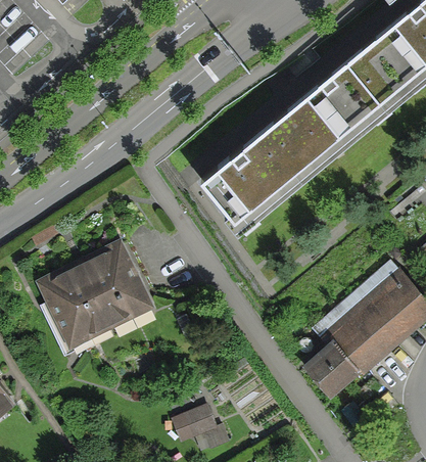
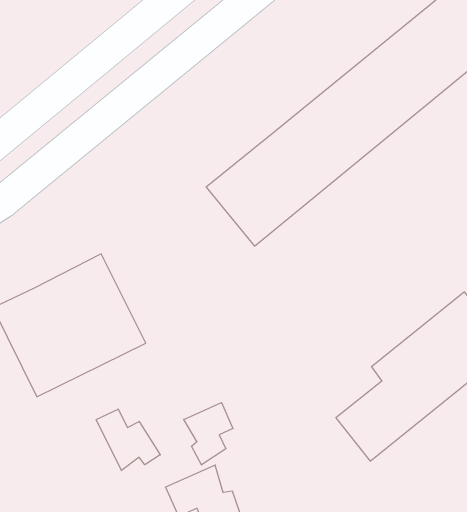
building: none -> [184,403,233,465]
building: none -> [96,409,160,471]

